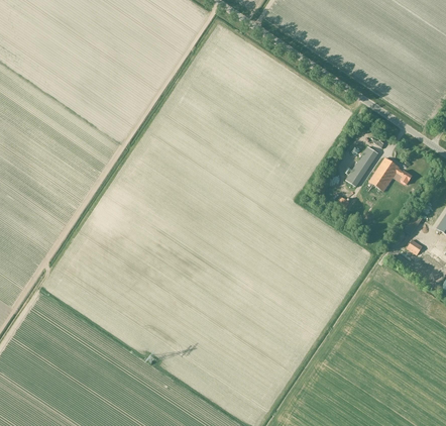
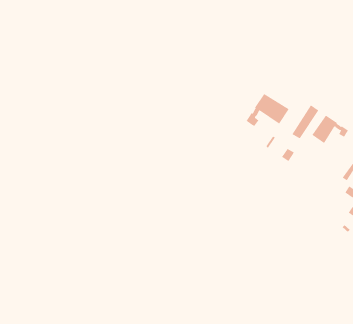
building: none -> [246,93,289,127]

